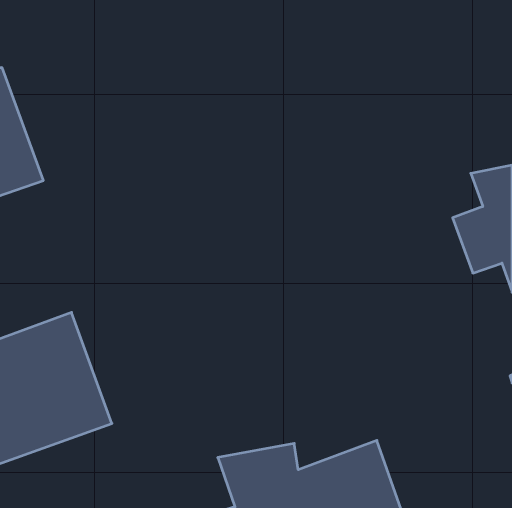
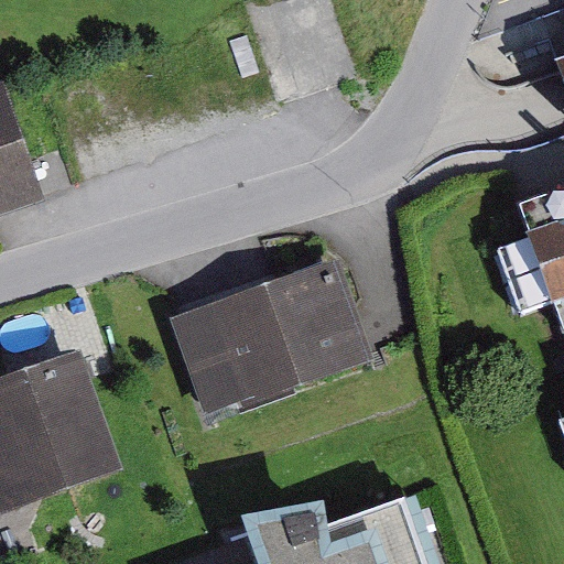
building: none -> [170,260,373,415]

